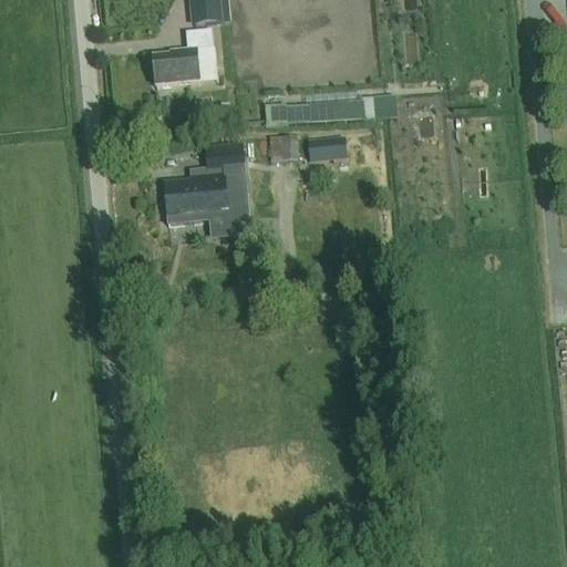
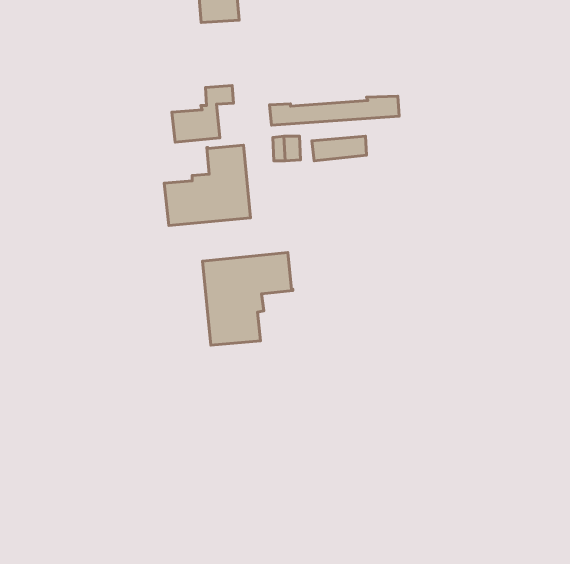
building: [152,29,213,85] -> [172,85,233,142]
building: none -> [203,253,293,345]

